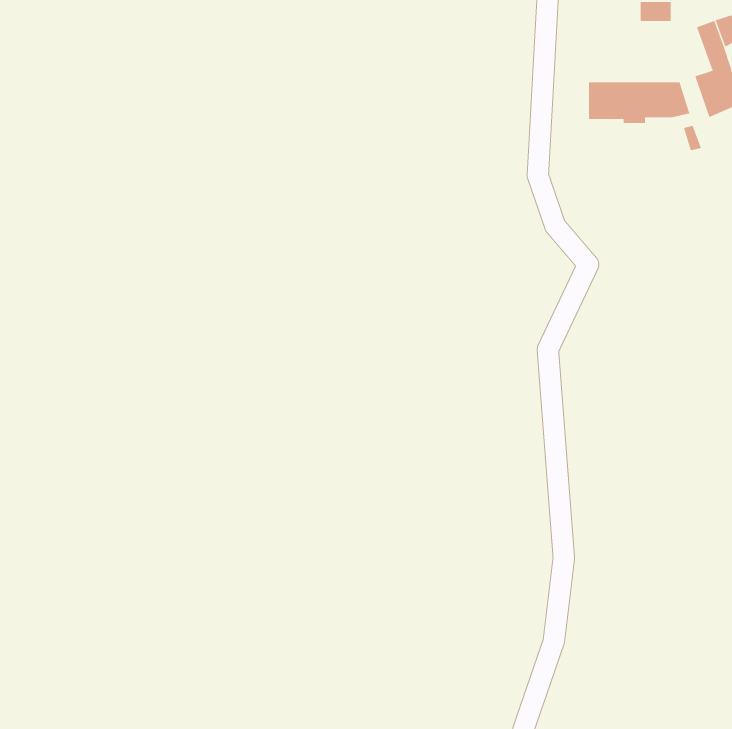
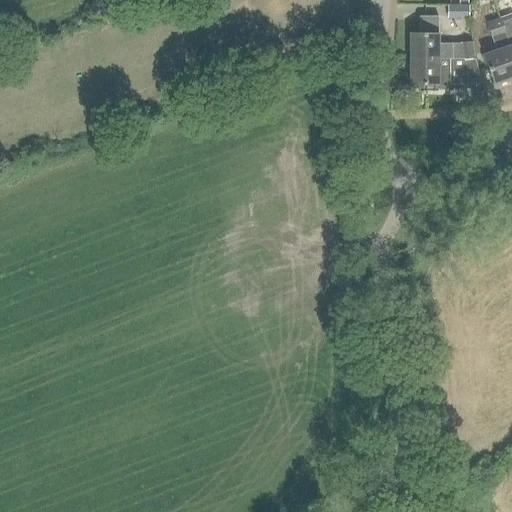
building: none -> [411,14,475,57]

